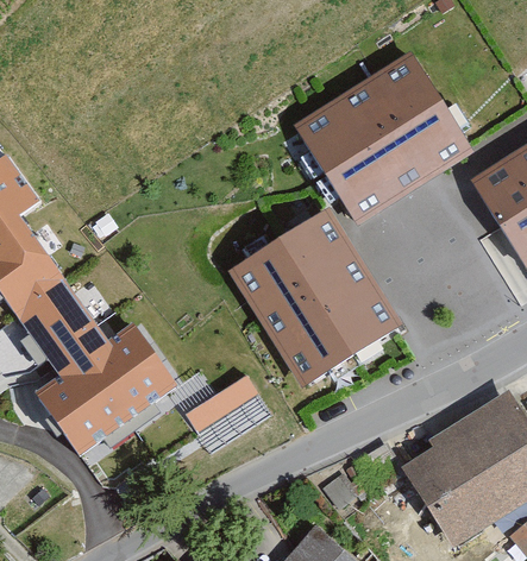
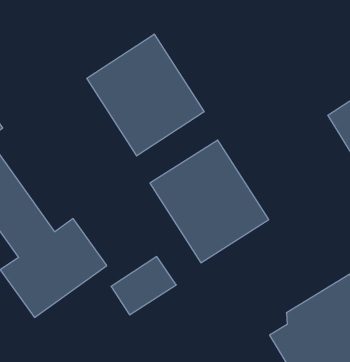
building: [299,58,465,219] -> none
building: none -> [87,34,204,156]

